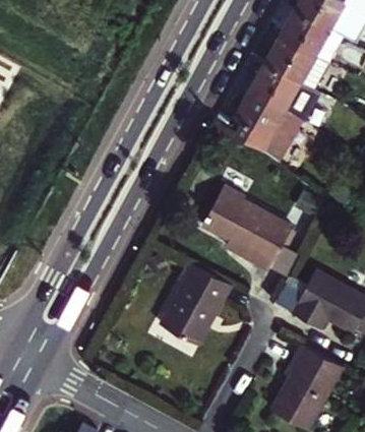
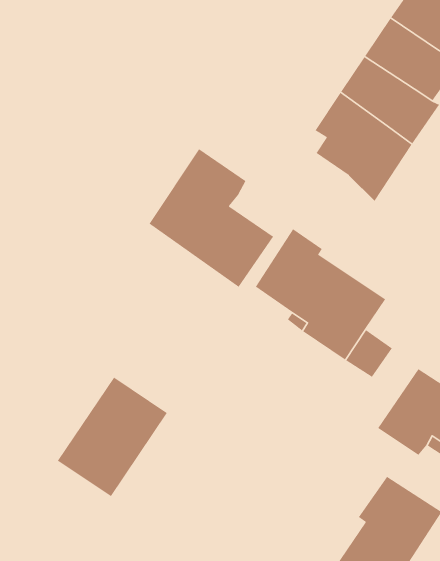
building: none -> [149,148,274,288]
building: [161,265,233,347] -> [57,377,168,497]

